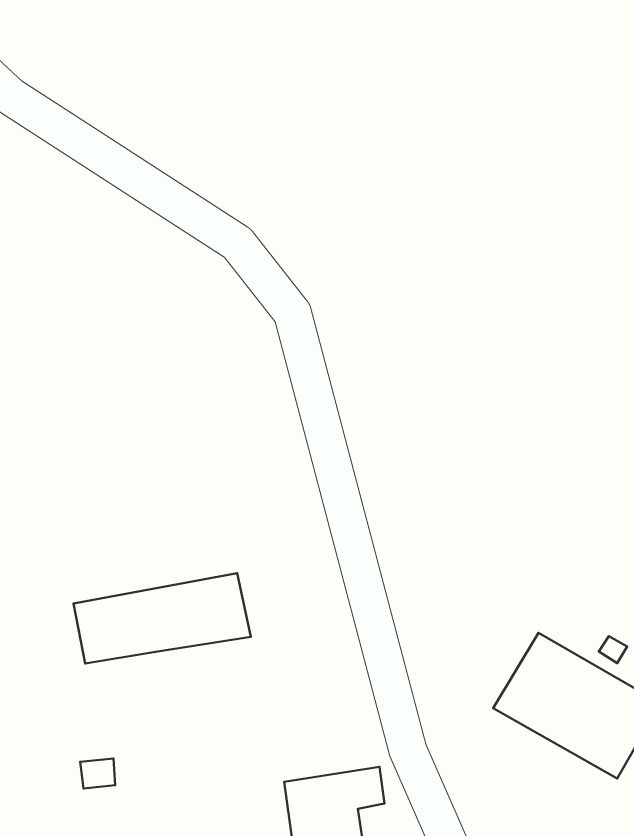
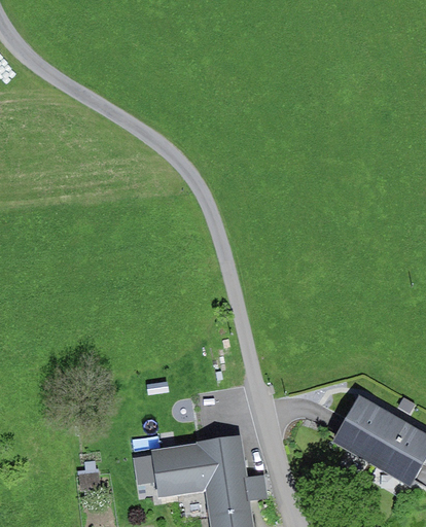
building: [73,573,251,664] -> [151,437,260,493]

